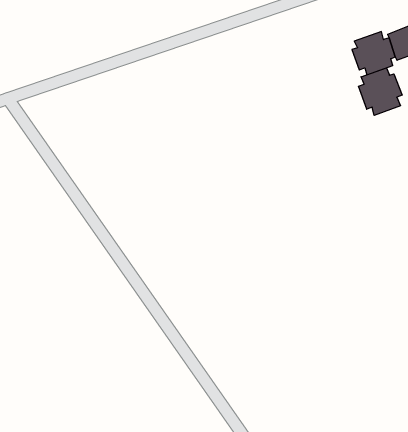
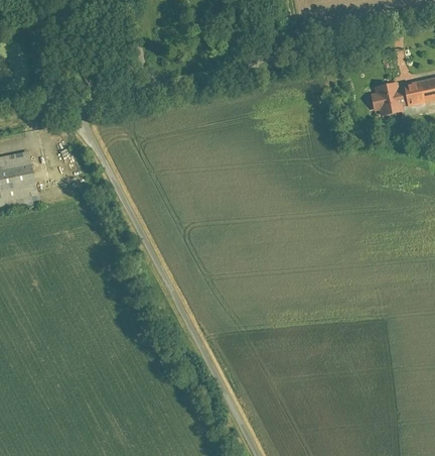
building: [359,68,402,115] -> none

